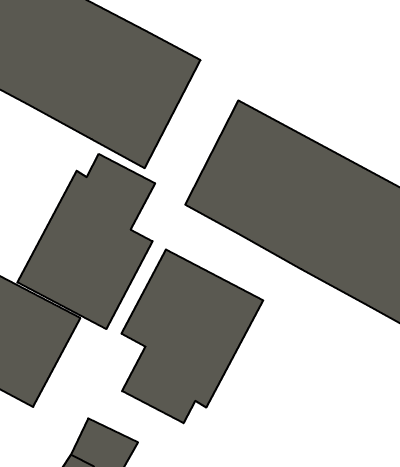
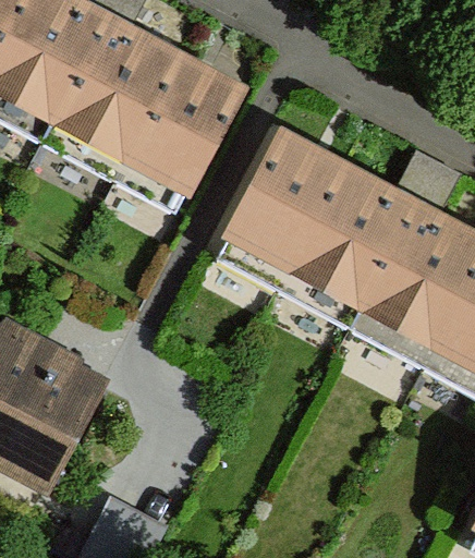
building: [17,154,155,329] -> none
building: [122,249,263,423] -> none

